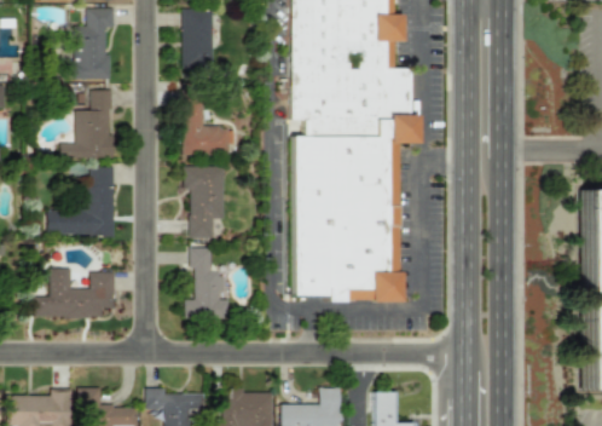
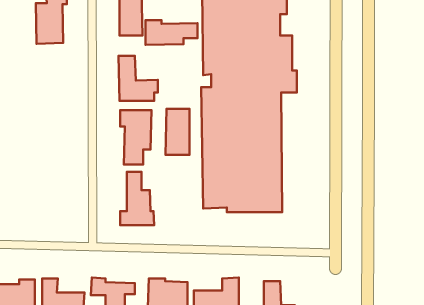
building: none -> [146,20,198,45]
building: [59,90,112,159] -> none
building: none -> [165,109,189,155]
building: [47,167,114,235] -> none
building: [34,269,115,317] -> none

